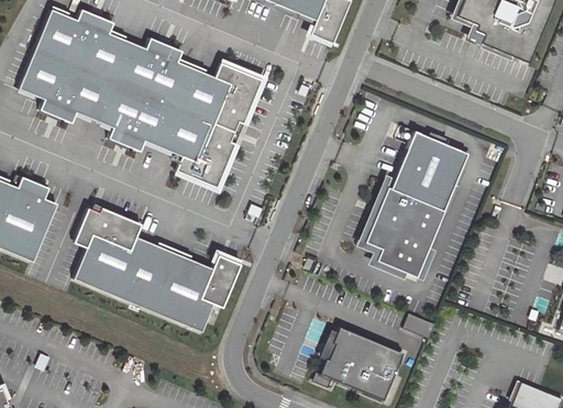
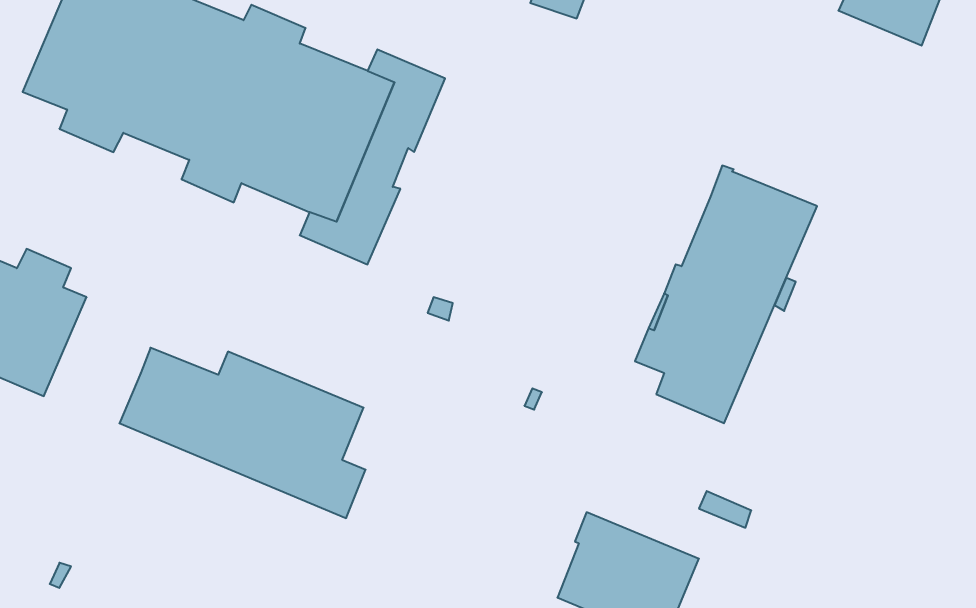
building: [73,207,141,249] -> none
building: [200,254,240,306] -> none

